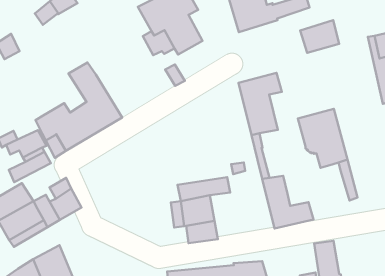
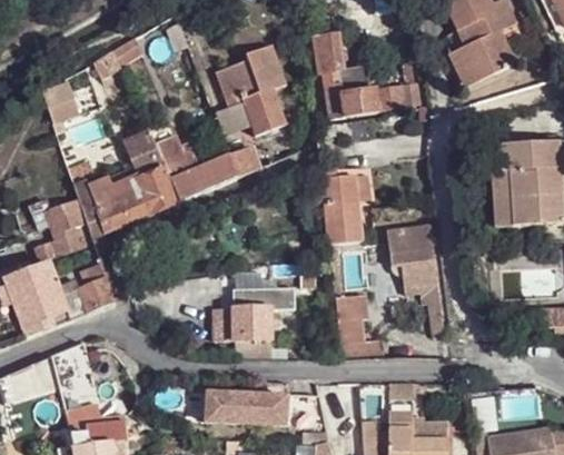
building: [300,20,339,53] -> none
building: none -> [155,136,237,200]

